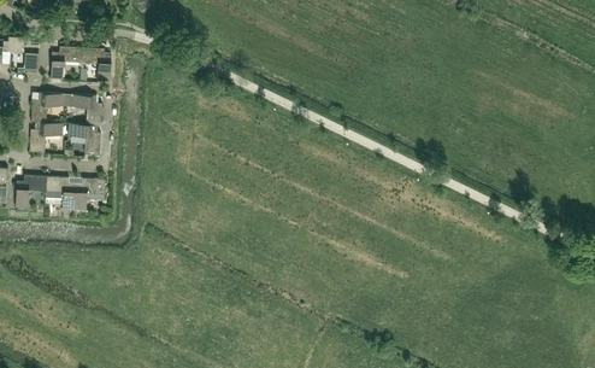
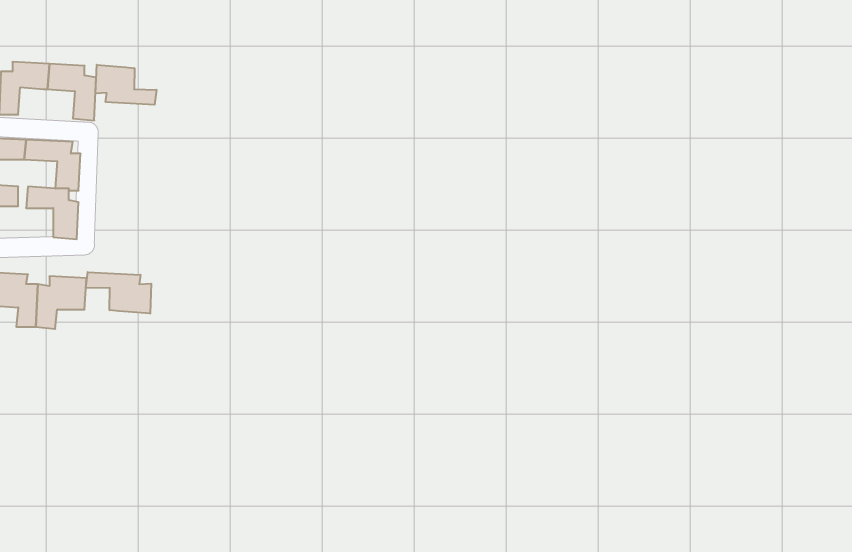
building: none -> [95,65,156,105]
building: none -> [86,272,151,314]

